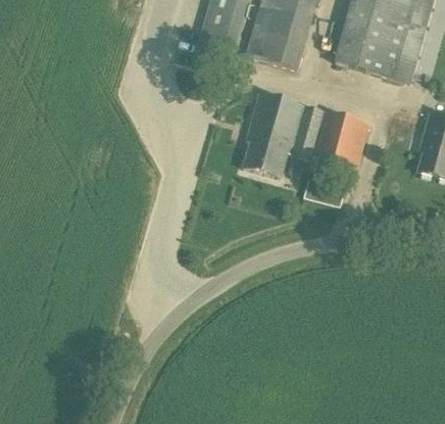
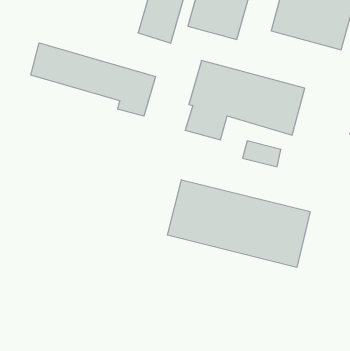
building: none -> [31,43,156,116]
building: none -> [167,180,310,267]

